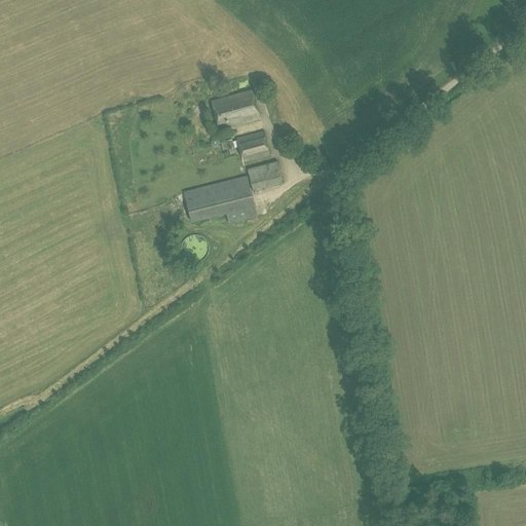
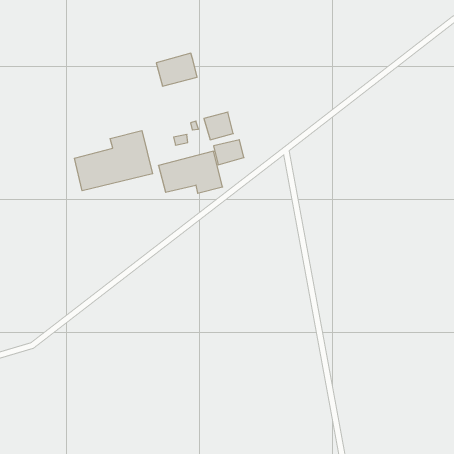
building: [212,89,259,127] -> [156,53,197,86]
building: none -> [74,131,153,191]

